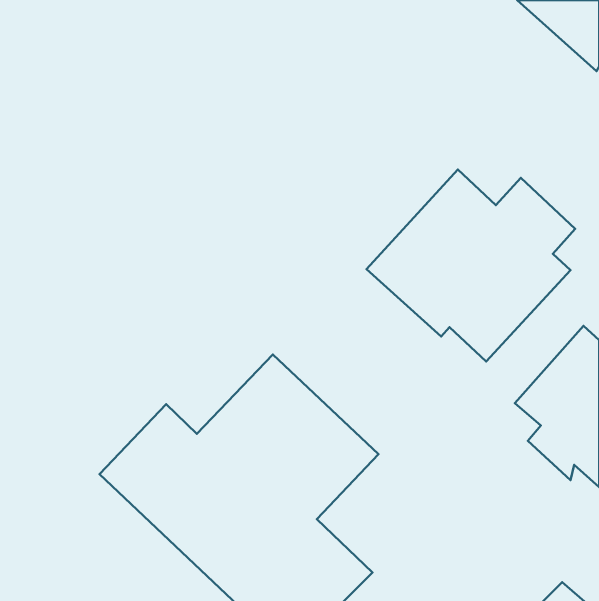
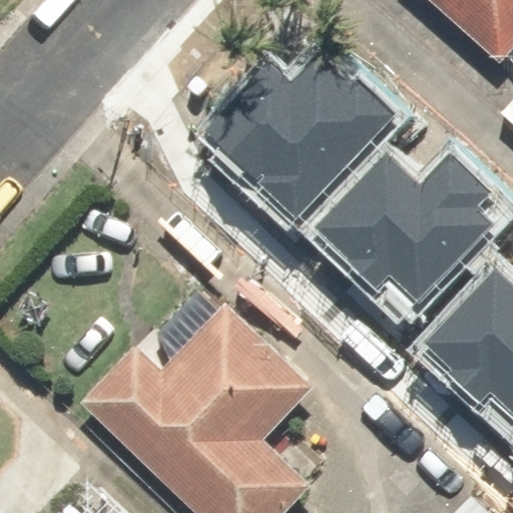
building: none -> [191,54,389,223]

